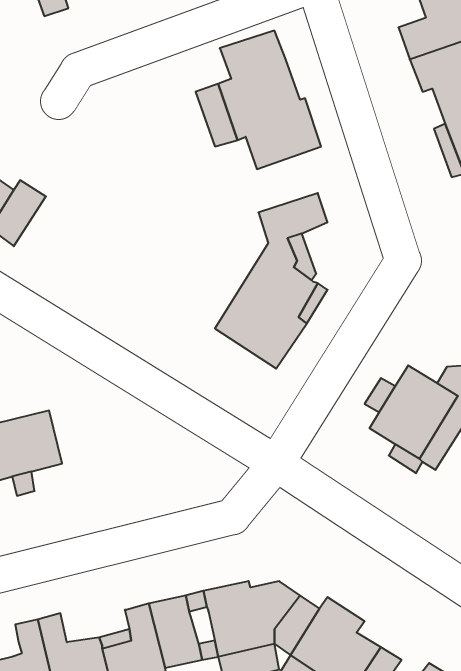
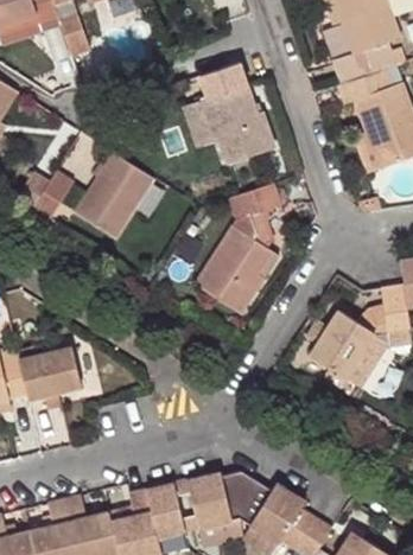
building: none -> [75,152,152,236]

